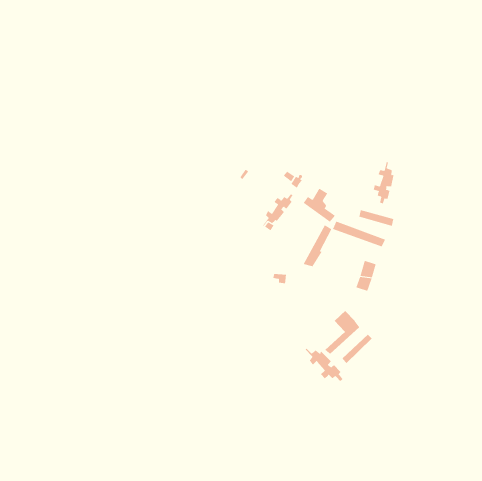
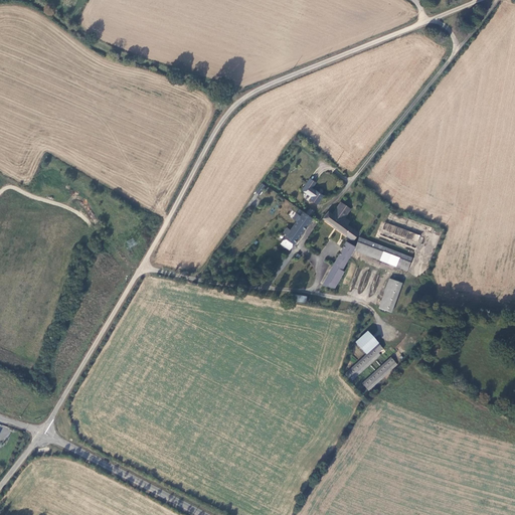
building: [373,161,395,204] -> none
building: [305,348,343,382] -> none

